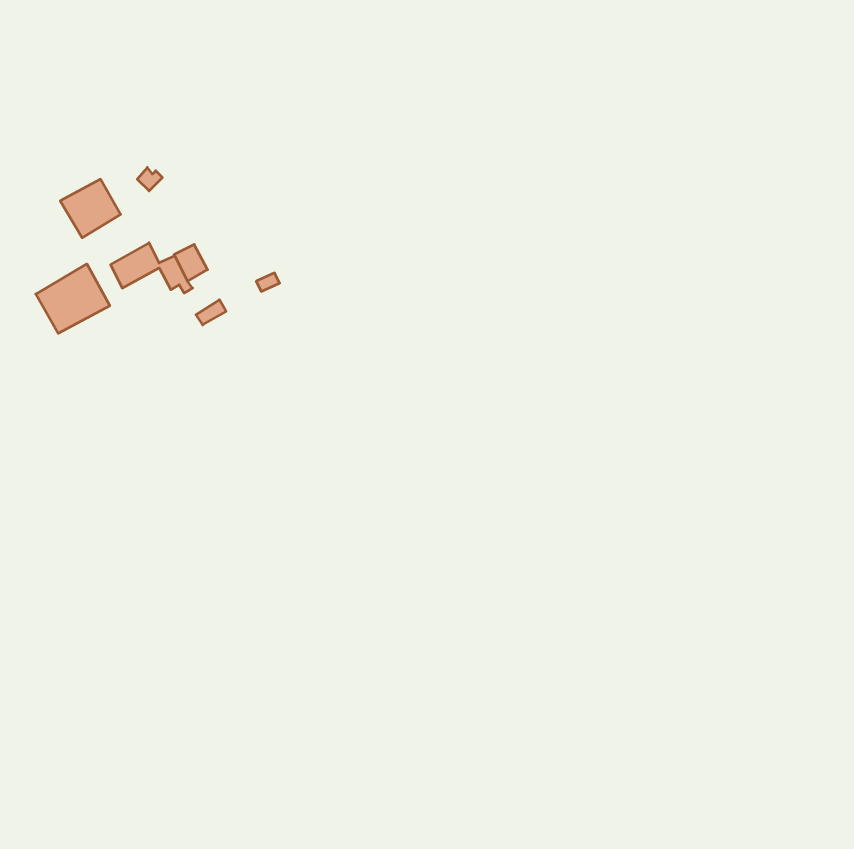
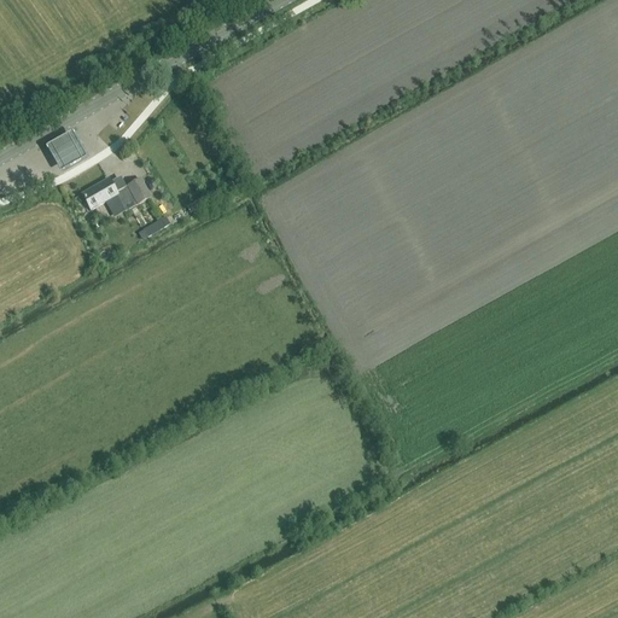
building: [36,264,110,333] -> none

